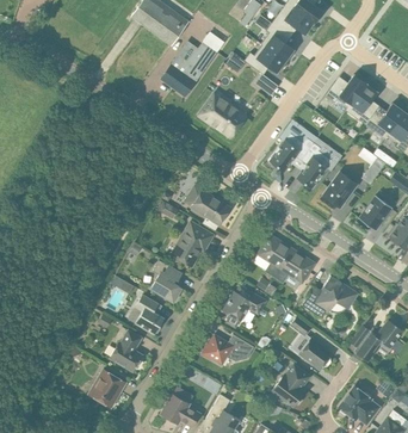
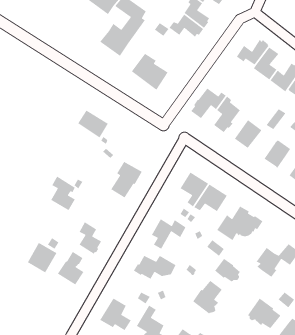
building: [192,190,230,224] -> [77,110,109,138]
building: [152,259,183,302] -> [50,175,76,211]
building: [89,369,126,407] -> [27,242,57,274]

